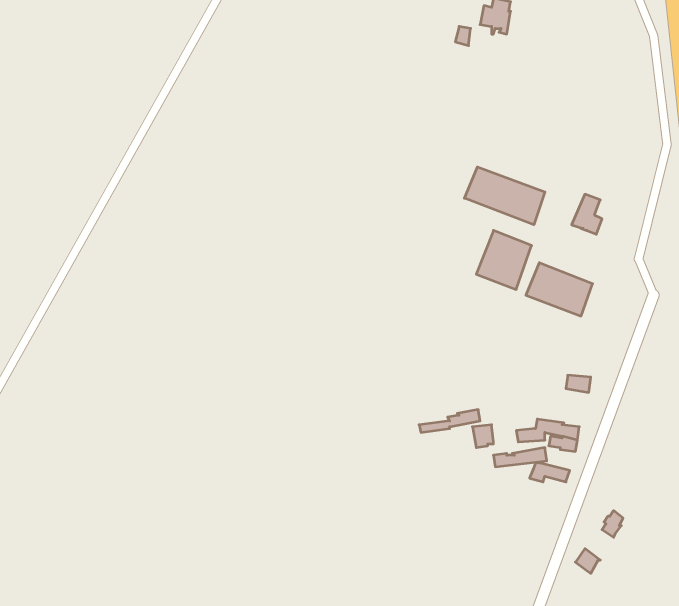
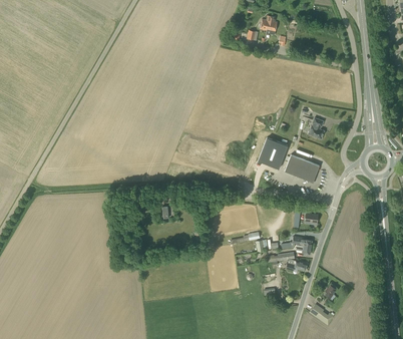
building: [464,167,545,225] -> none

